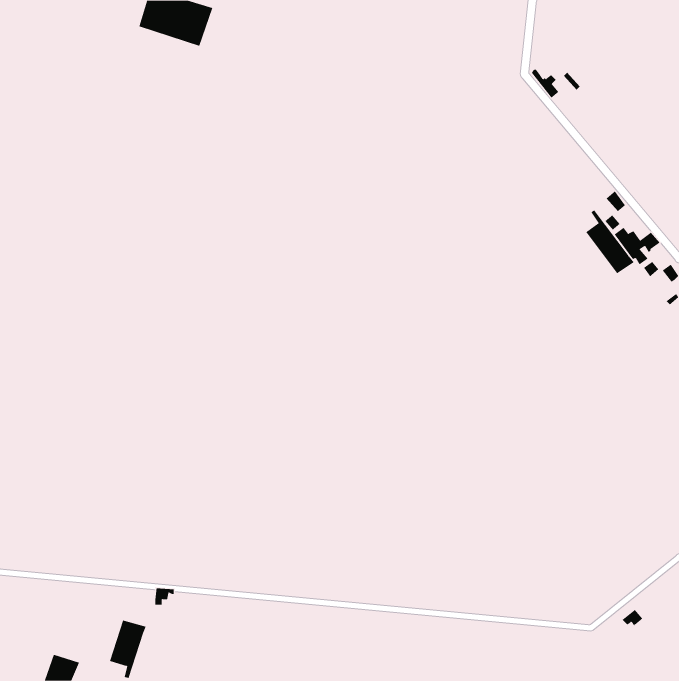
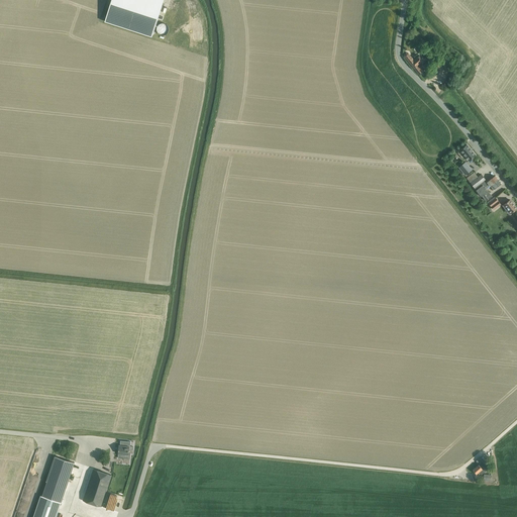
building: [586,210,635,274] -> none
building: none -> [41,456,74,502]

